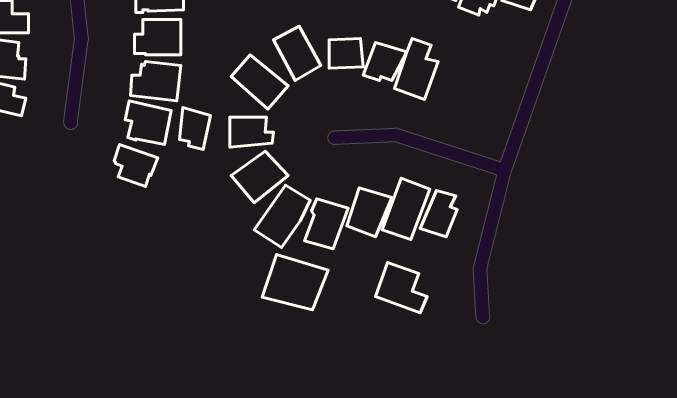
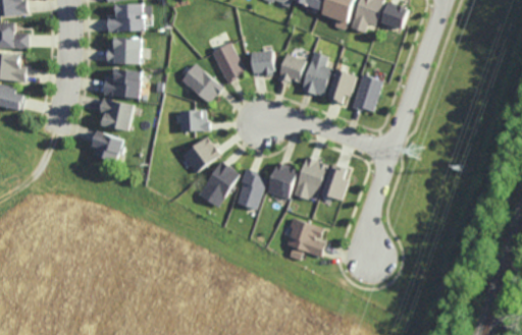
building: none -> [327,69,358,106]
building: none -> [352,74,383,115]
building: [180,108,210,150] -> none
building: [262,255,328,310] -> none

